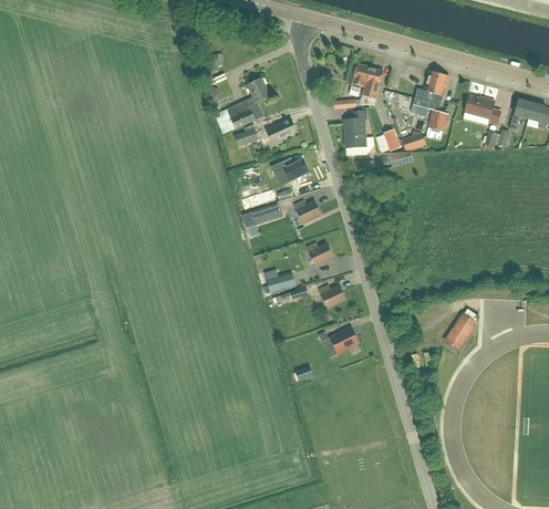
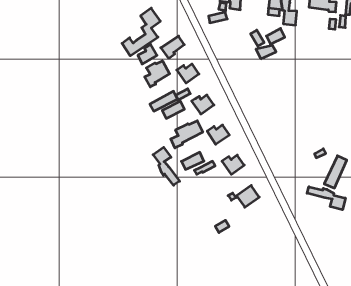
building: [343,111,366,148] -> none
building: none -> [145,61,170,87]
building: none -> [171,121,203,148]
building: none -> [153,147,180,185]
building: none -> [307,187,345,210]

